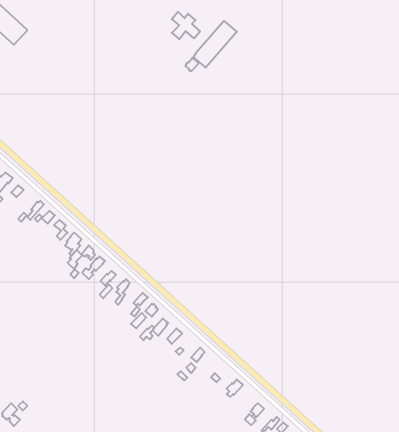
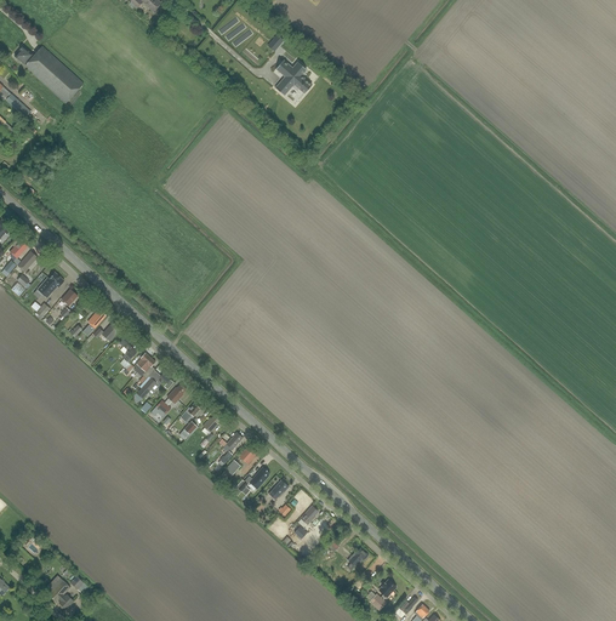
building: [185,21,237,71] -> none

